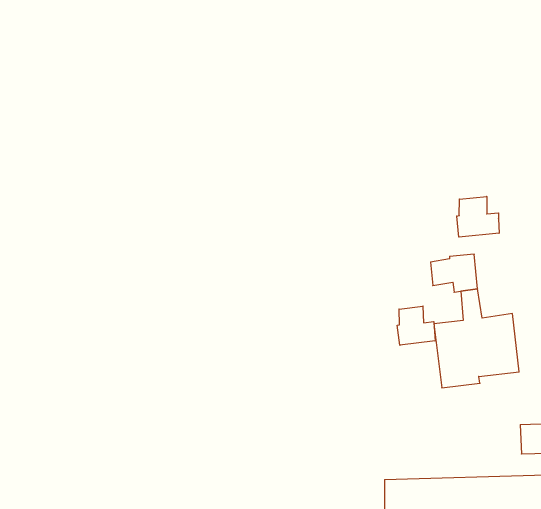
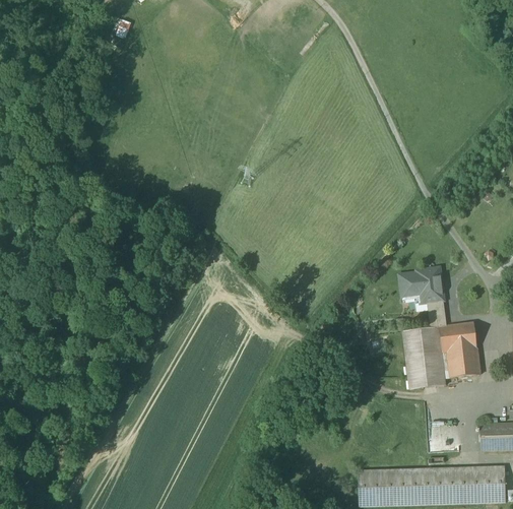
building: [457,196,499,237] -> none
building: [397,306,435,345] -> none

